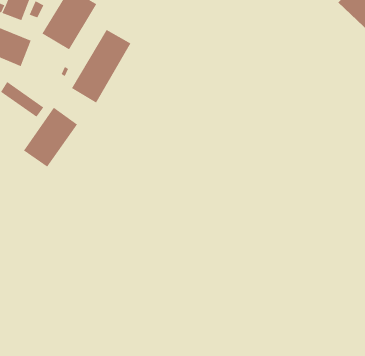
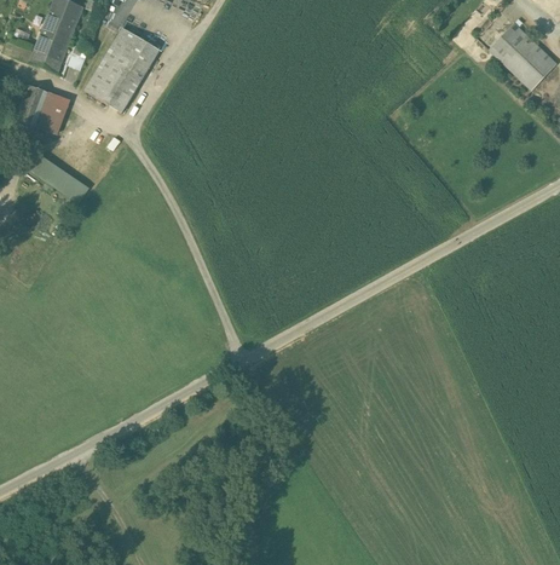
building: [71,29,131,103] -> none
building: [23,107,78,167] -> none

